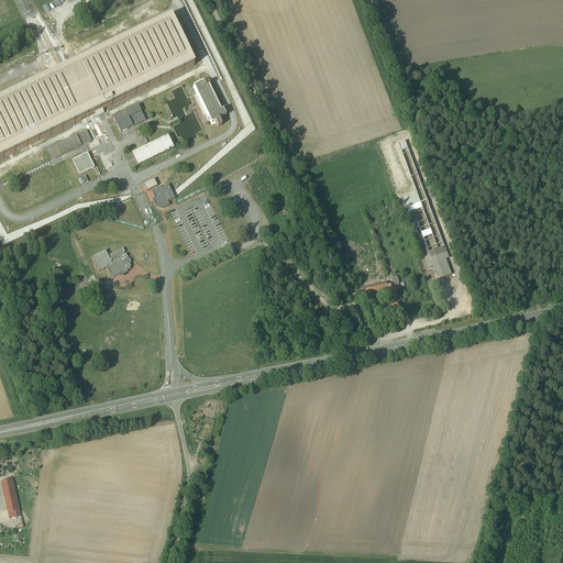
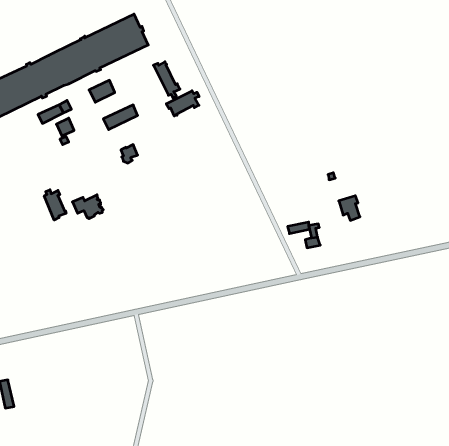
building: none -> [166,91,199,116]
building: none -> [44,190,66,220]

